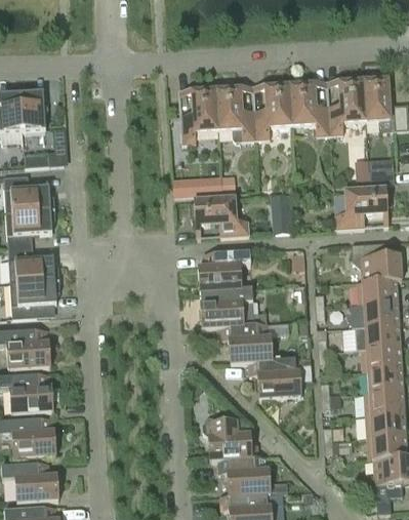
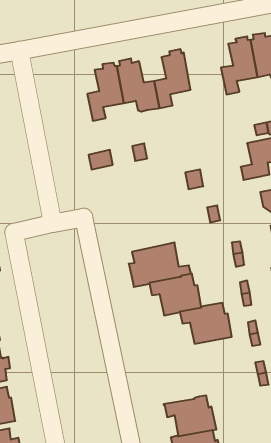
building: [289,78,329,135] -> none
building: [190,196,249,236] -> none
building: [198,250,250,291] -> none
building: [202,416,257,461] -> none

